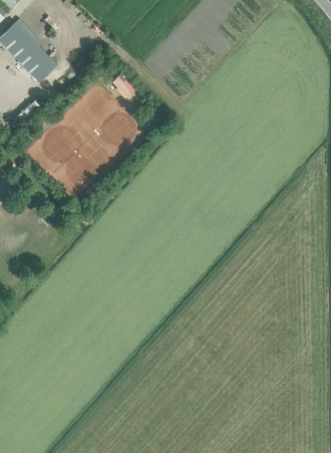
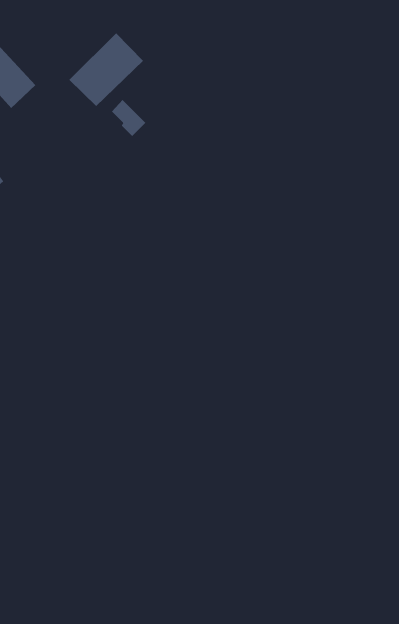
building: none -> [69,32,144,107]

